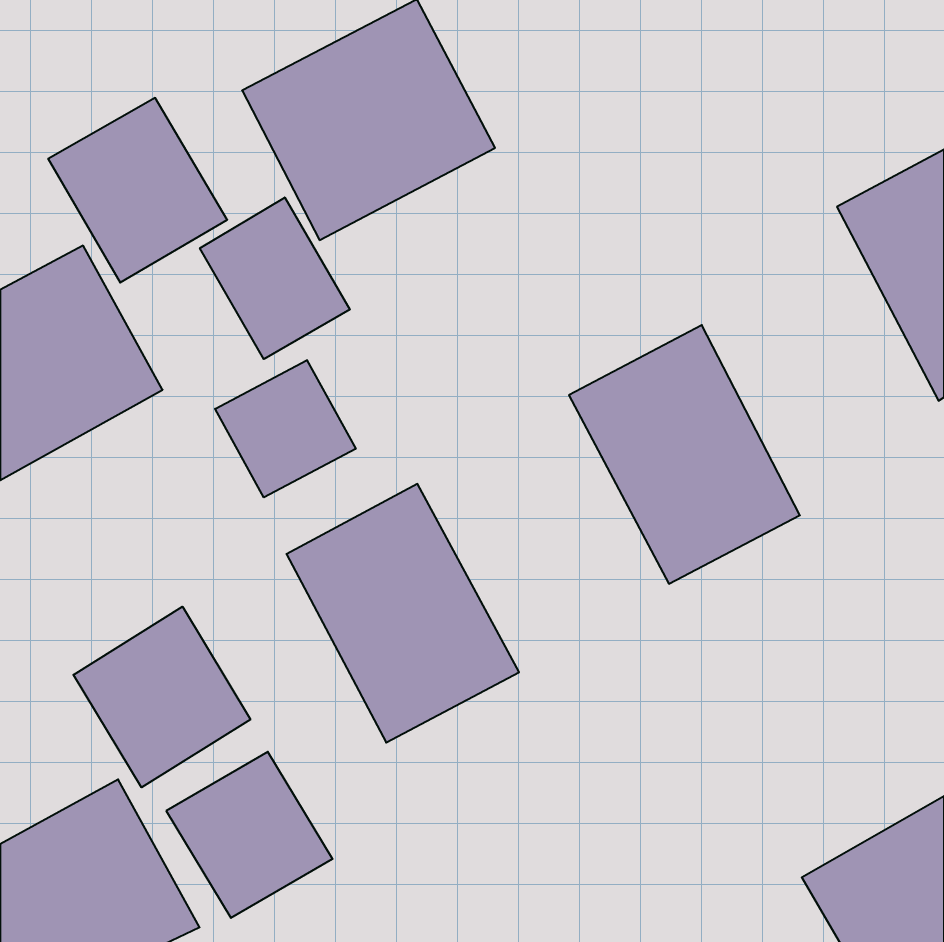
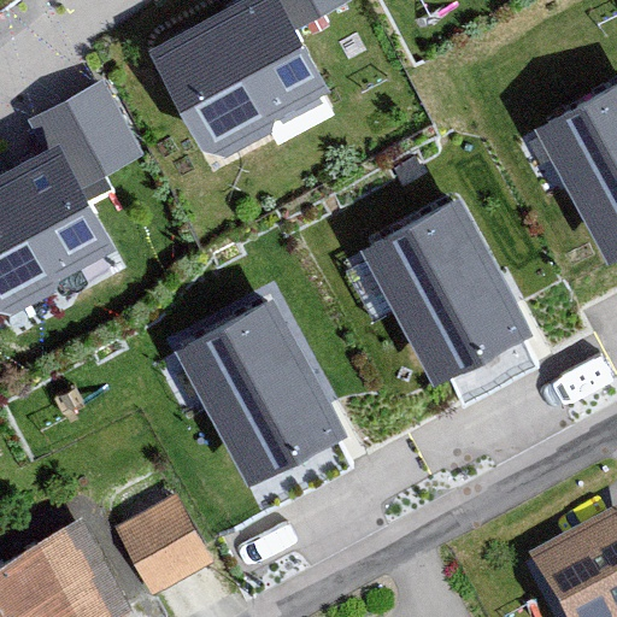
building: [200,197,350,359] -> none
building: [215,360,356,497] -> none
building: [73,607,250,787] -> none

